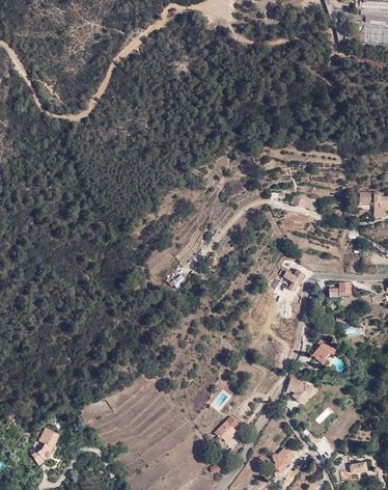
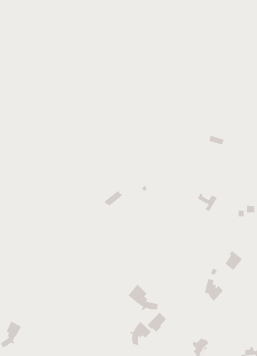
building: none -> [128,284,158,311]
building: none -> [130,321,152,346]

